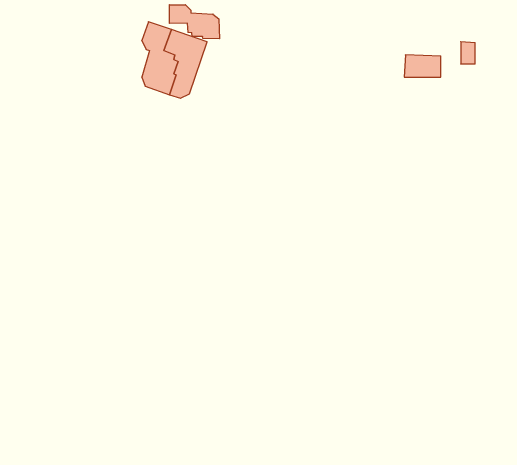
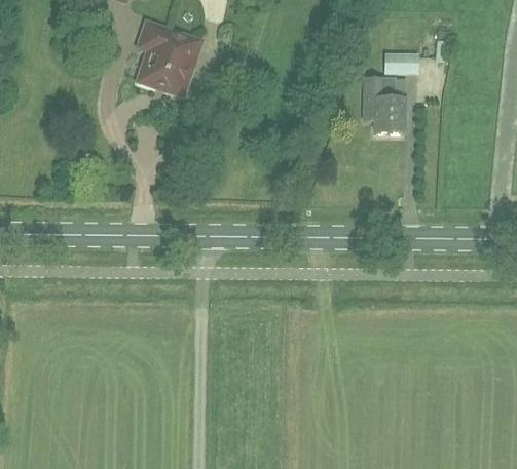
building: [169,5,220,39] -> none
building: none -> [364,78,404,132]

